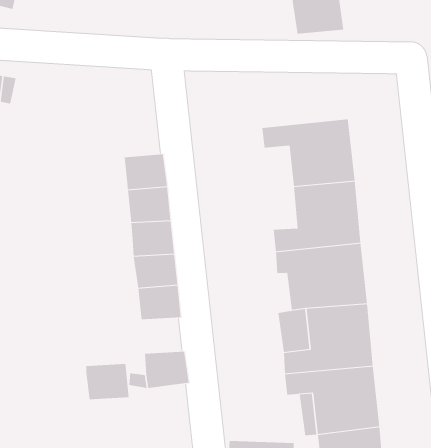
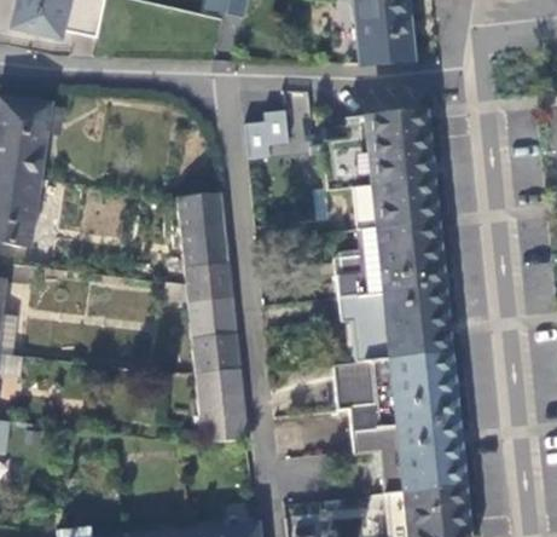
building: none -> [325,109,420,163]
building: none -> [249,111,290,155]
building: [86,364,130,400] -> [198,366,245,405]

